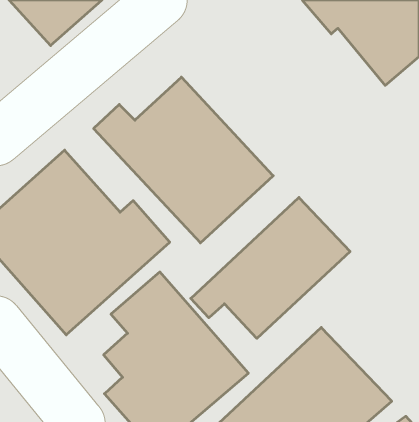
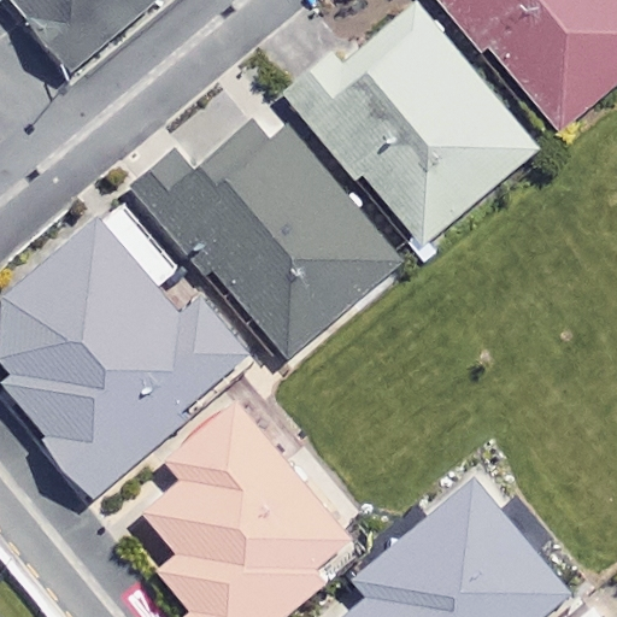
building: none -> [312,7,536,246]
building: [191,197,350,338] -> none

